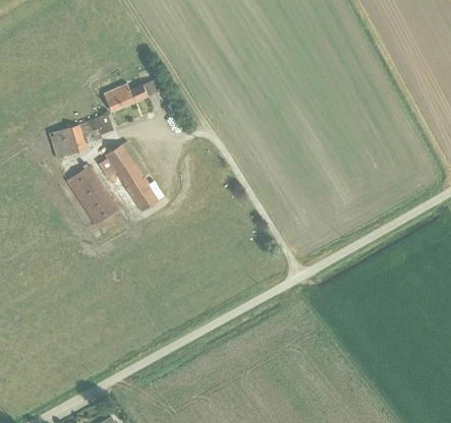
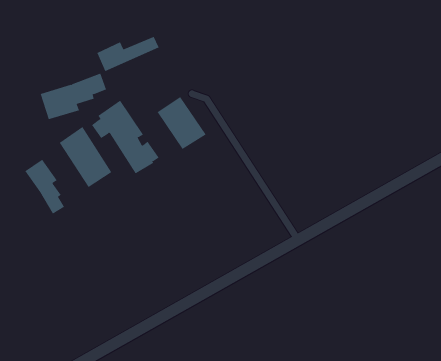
building: none -> [157,96,207,150]
building: none -> [24,159,65,215]

